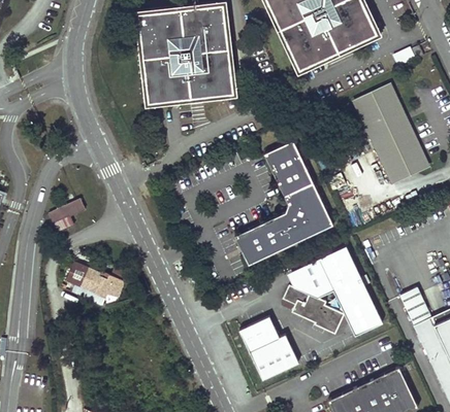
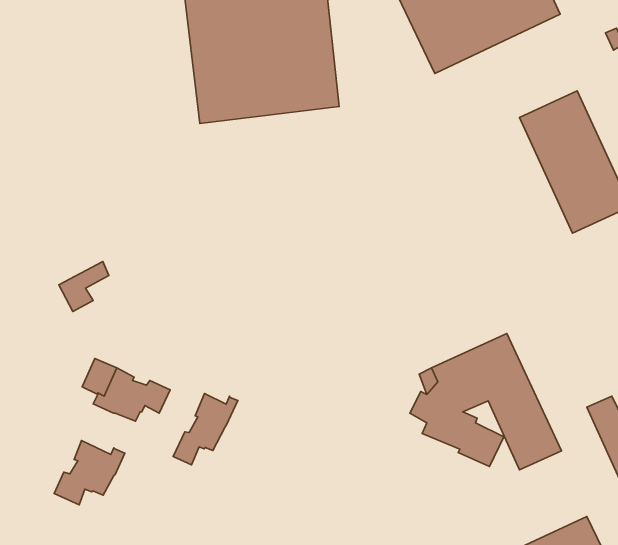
building: [234,141,333,266] -> none
building: none -> [173,394,238,465]
building: [237,316,296,380] -> none
building: none -> [54,440,125,505]

